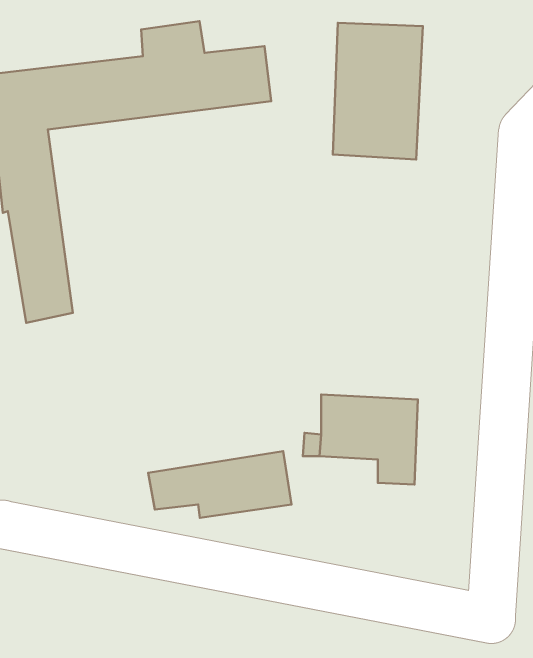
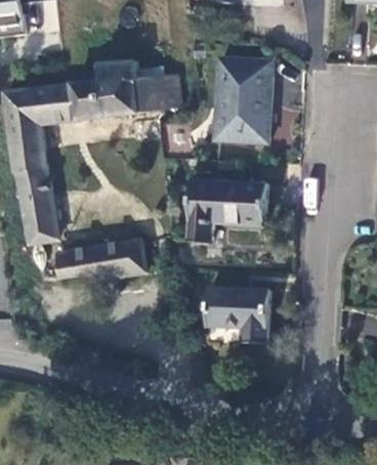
building: none -> [187,179,264,242]
building: [148,451,291,518] -> [55,239,143,280]

